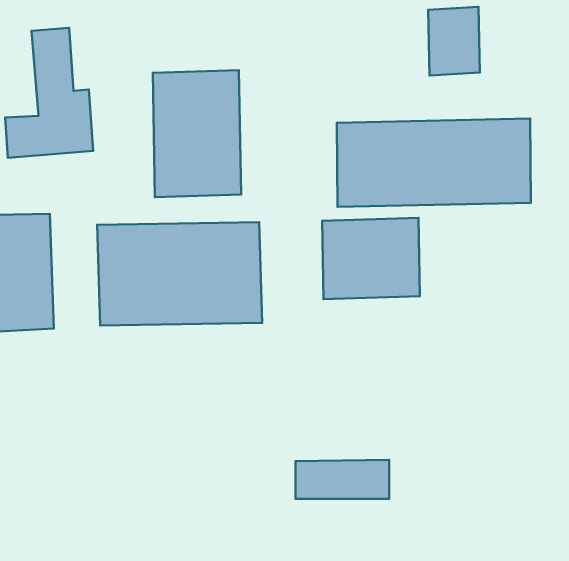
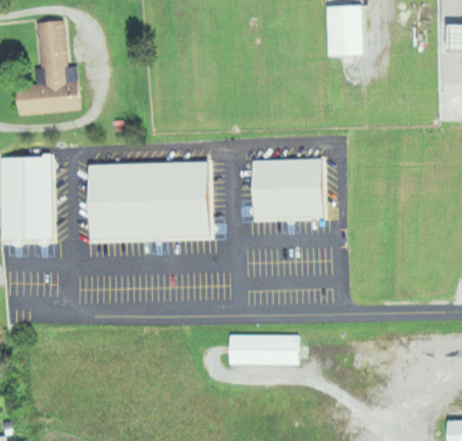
building: [153,70,241,197] -> none
building: [337,119,531,207] -> none

